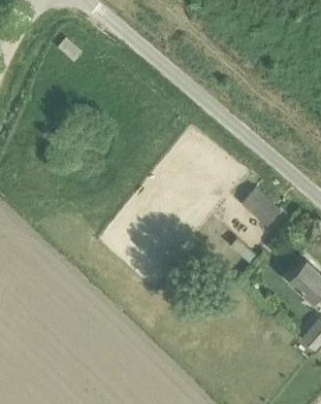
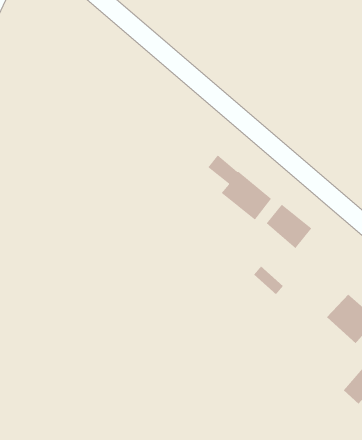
building: none -> [207,155,272,220]

